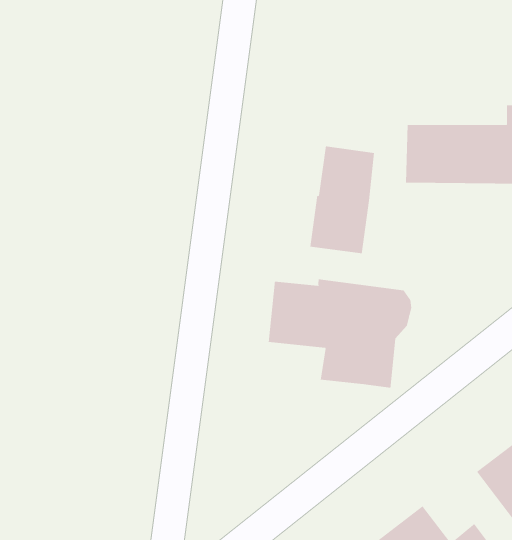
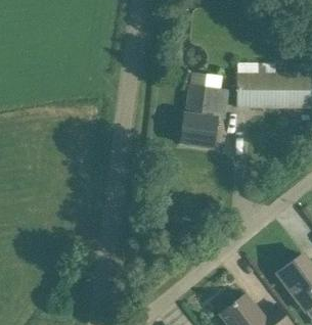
building: [268,279,412,388] -> none

